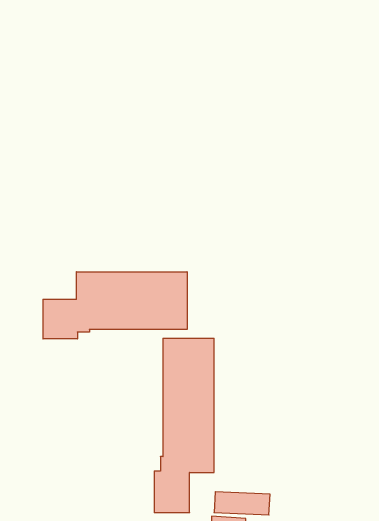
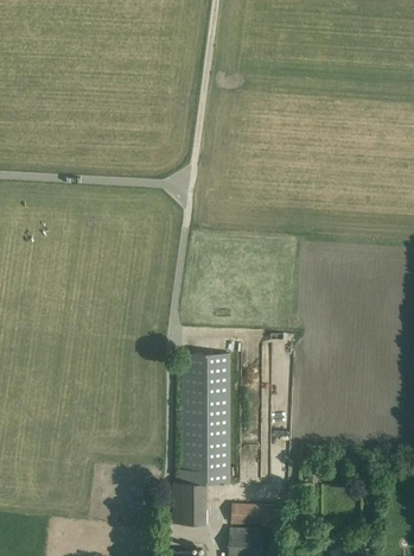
building: [43,272,187,339] -> none

